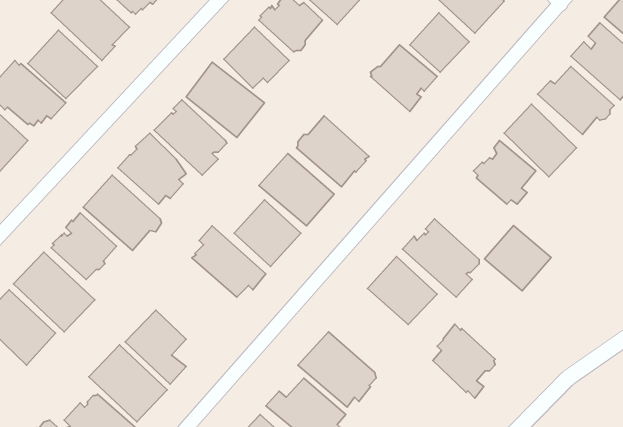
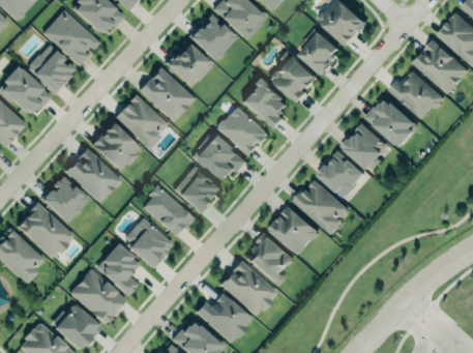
building: none -> [242,77,287,129]
building: [484,226,551,291] -> [317,152,364,199]
building: none -> [125,217,173,268]
building: [433,324,495,398] -> [248,231,293,284]

